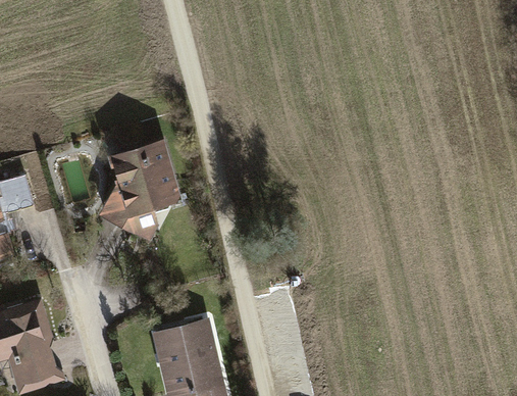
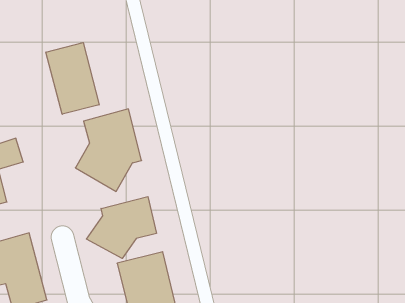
building: none -> [46,43,99,114]
building: none -> [86,197,156,258]

